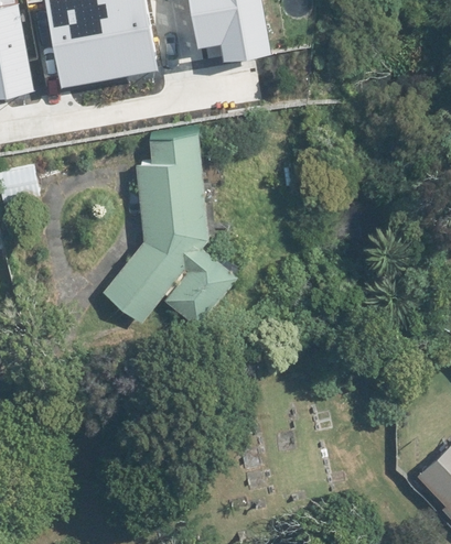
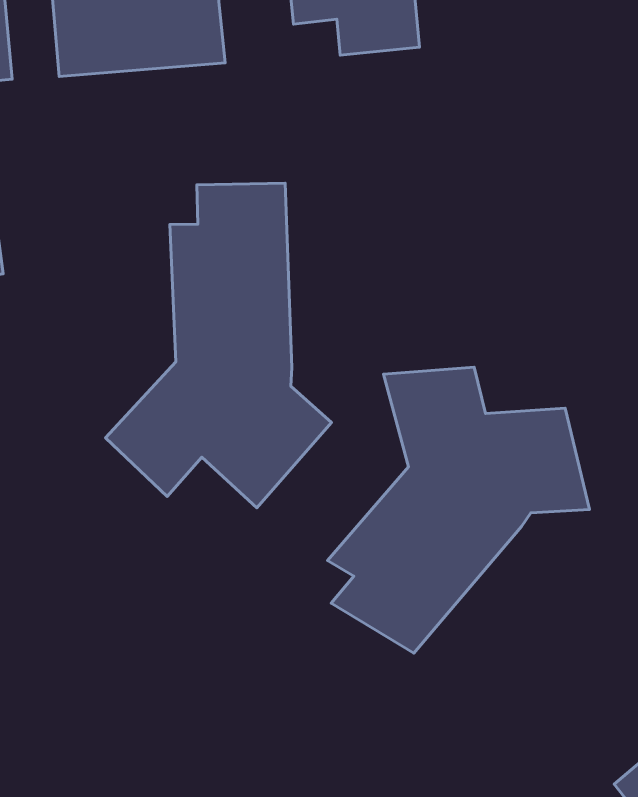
building: none -> [327,367,589,653]

